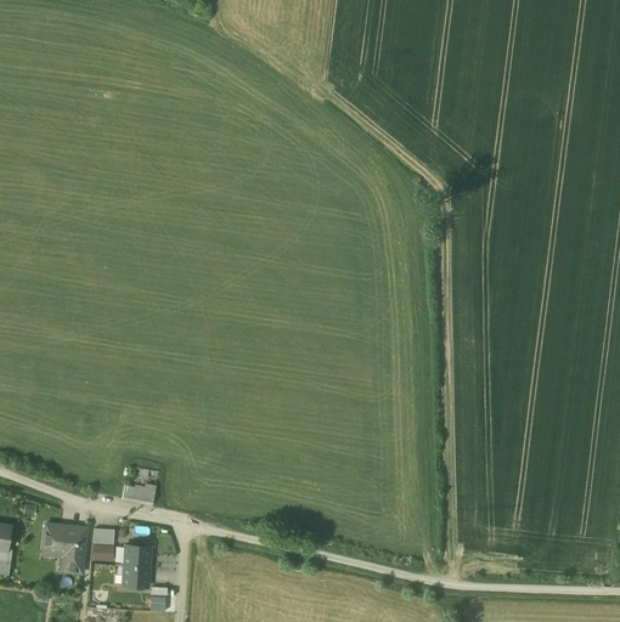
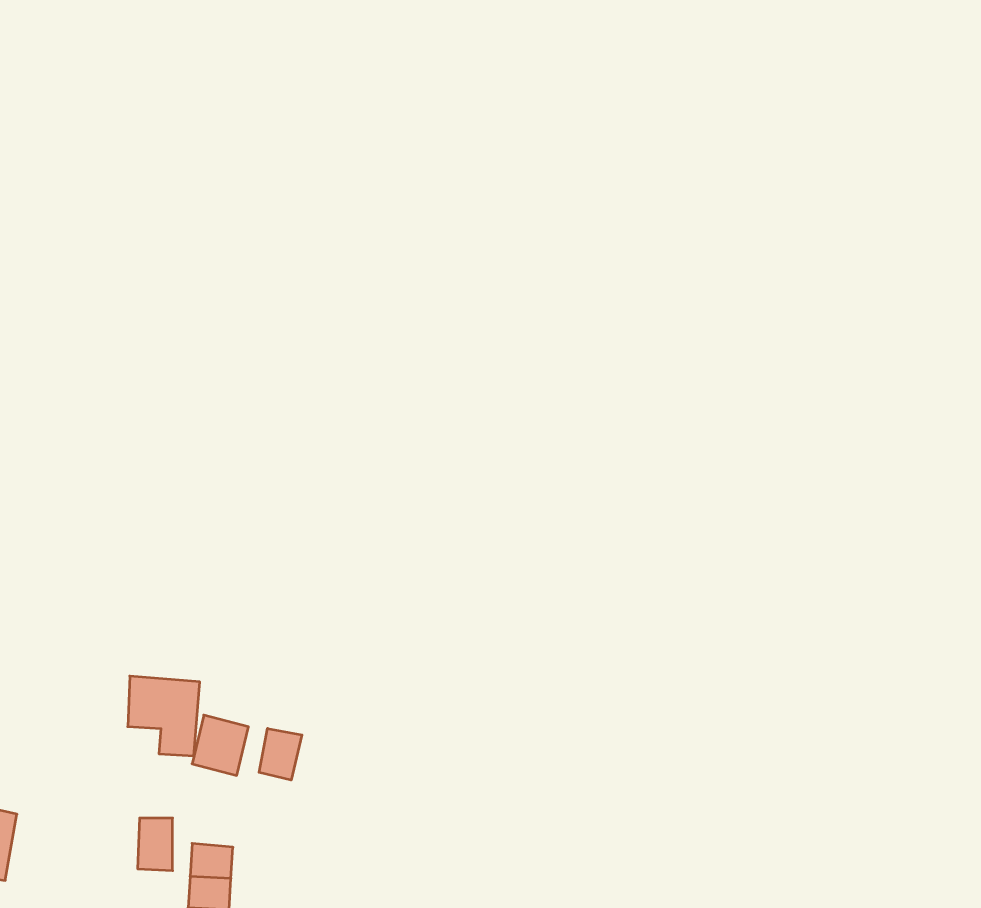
building: none -> [259,728,302,780]
building: [44,524,89,573] -> [128,676,200,756]

